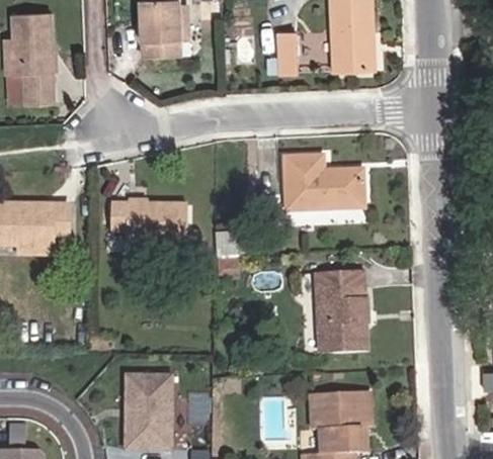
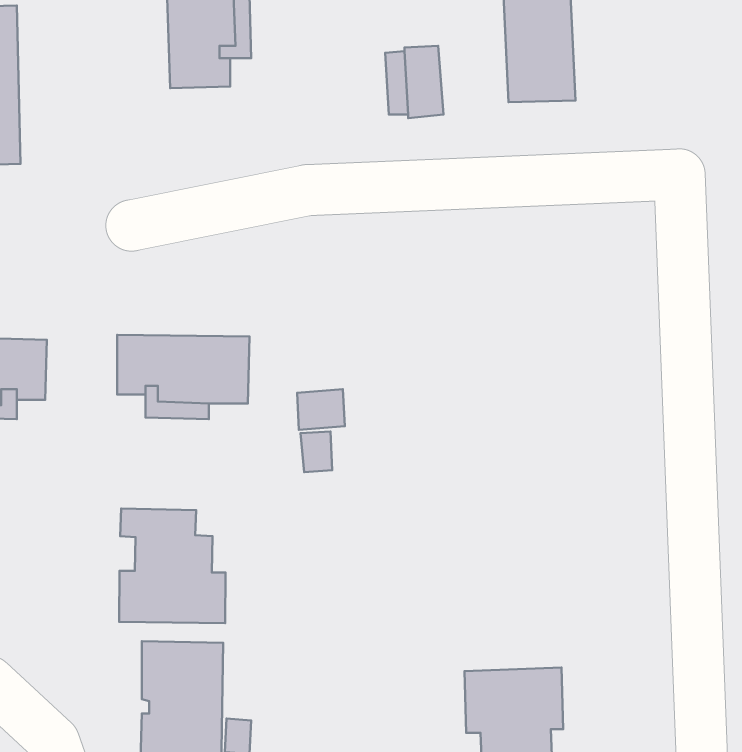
building: [285,155,361,208] -> none
building: [315,270,366,351] -> none
building: none -> [119,508,225,623]

